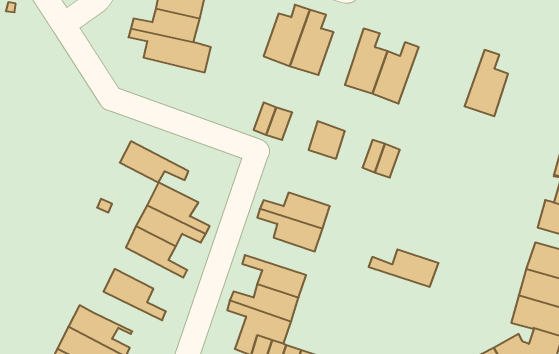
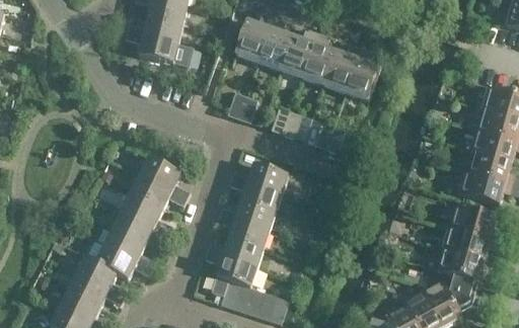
building: none -> [280,26,316,76]
building: [464,50,508,116] -> [345,46,380,99]
building: [120,141,188,183] -> [115,208,170,241]
building: [369,249,439,287] -> [220,199,277,230]
building: none -> [97,243,153,275]

